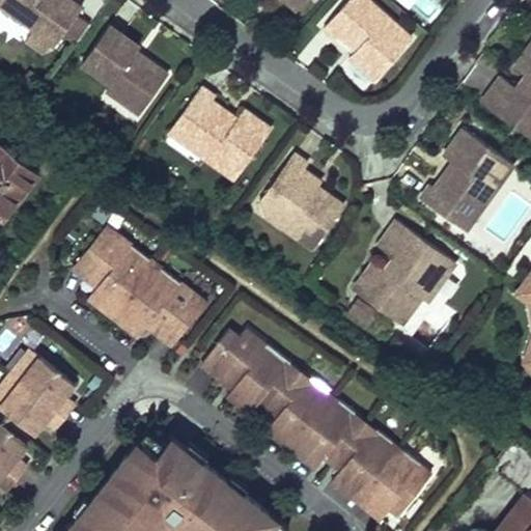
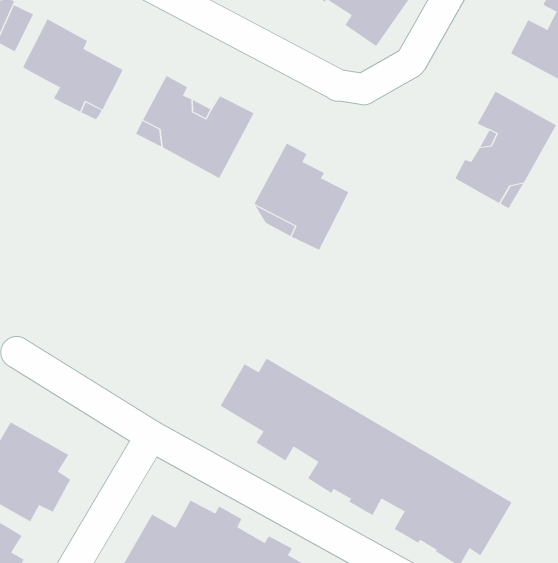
building: [74,226,205,346] -> none
building: [356,226,456,328] -> none

